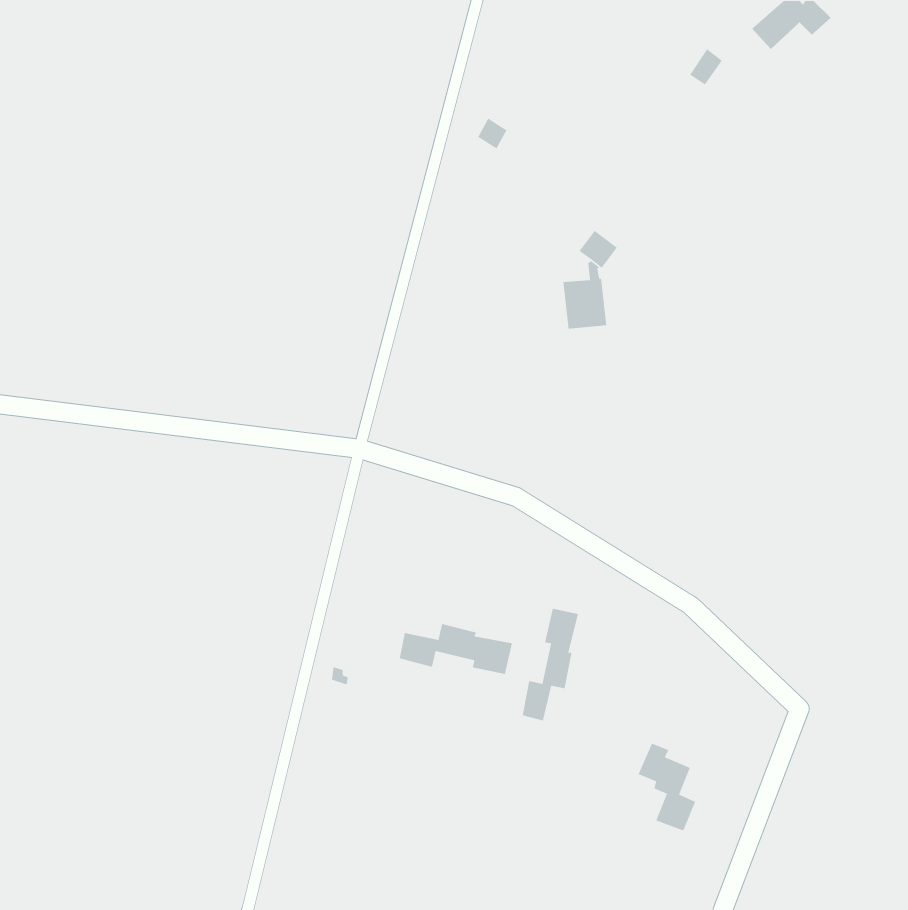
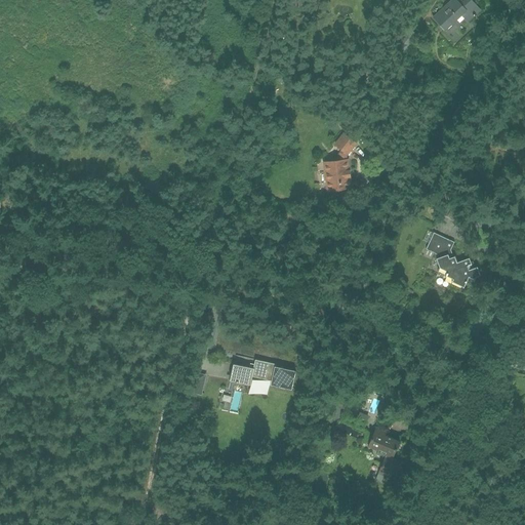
building: none -> [426,232,479,286]
building: [522,608,579,721] -> none

